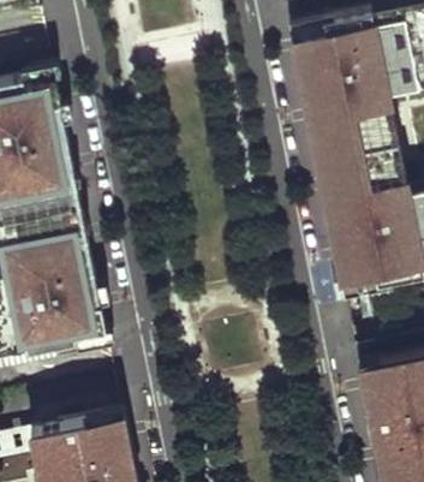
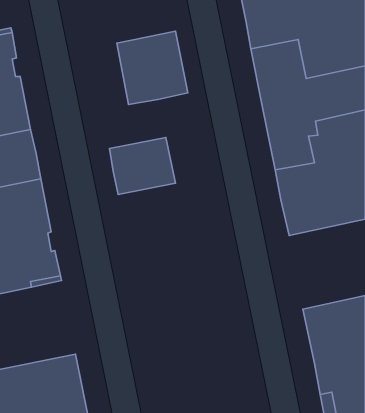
building: none -> [117,31,188,104]
building: none -> [109,138,175,194]

